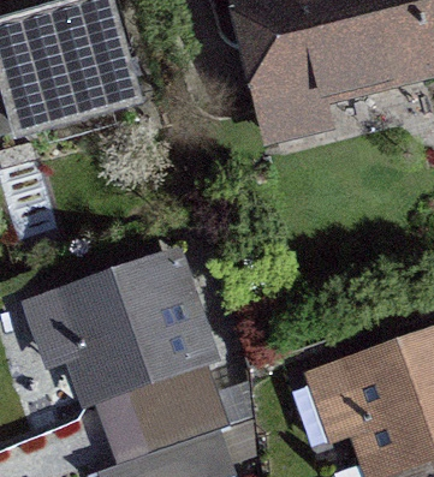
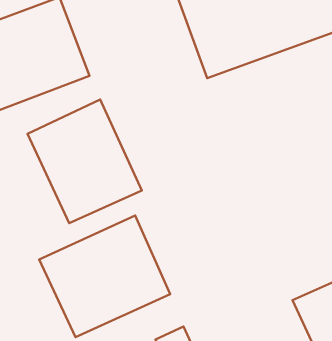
building: none -> [27,99,142,223]

